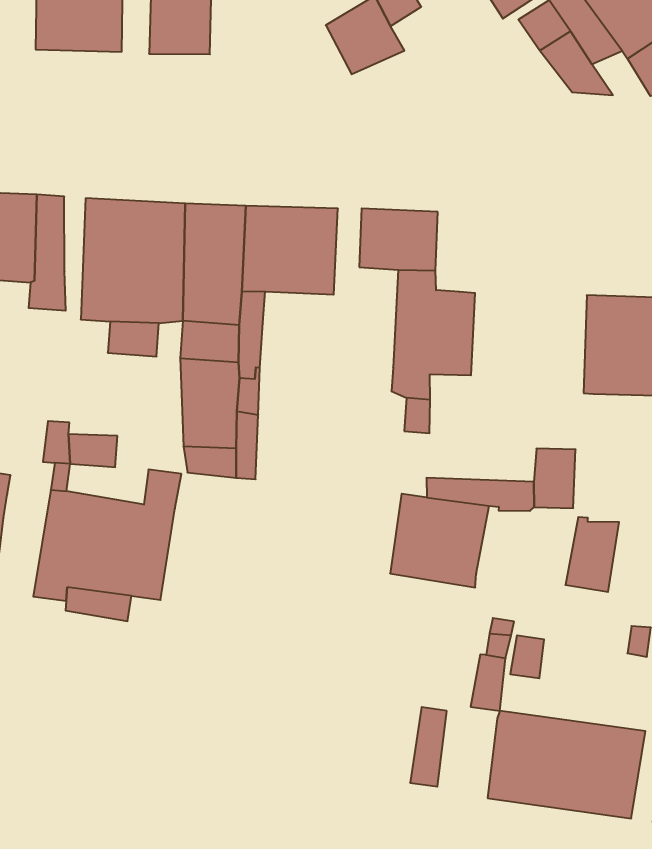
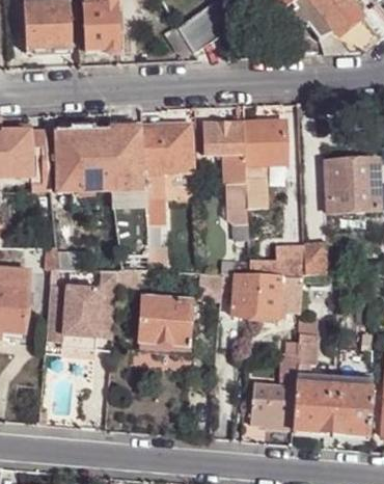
building: none -> [244,119,287,162]
building: [565,517,619,592] -> [278,274,304,313]
building: none -> [139,296,191,343]
building: none -> [266,384,295,429]

